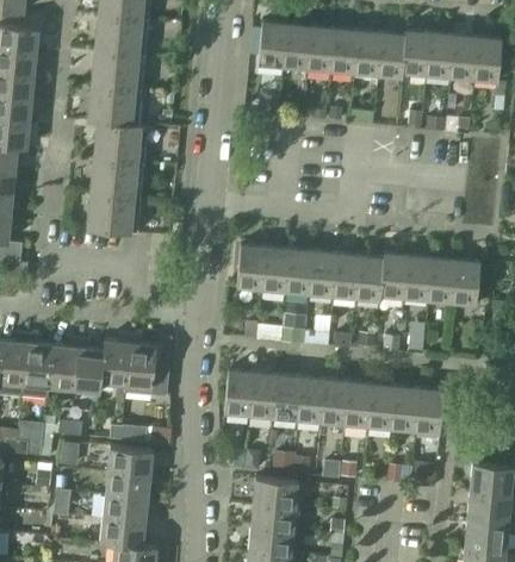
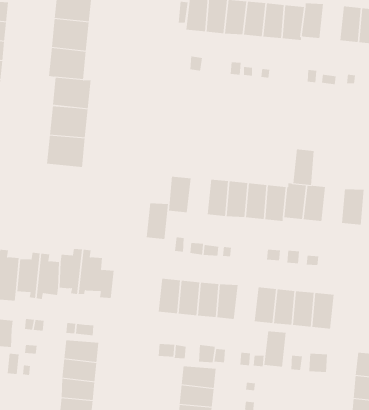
building: [427,32,455,77] -> none
building: [262,248,291,293] -> [146,203,169,240]
building: [429,258,457,304] -> [292,149,315,185]
building: [321,380,349,425] -> [264,331,287,367]

